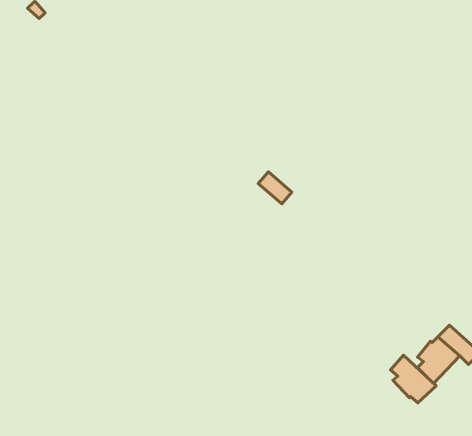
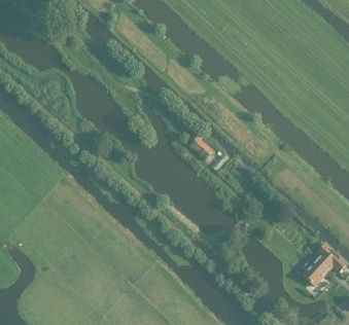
building: [391,355,436,403] -> none

